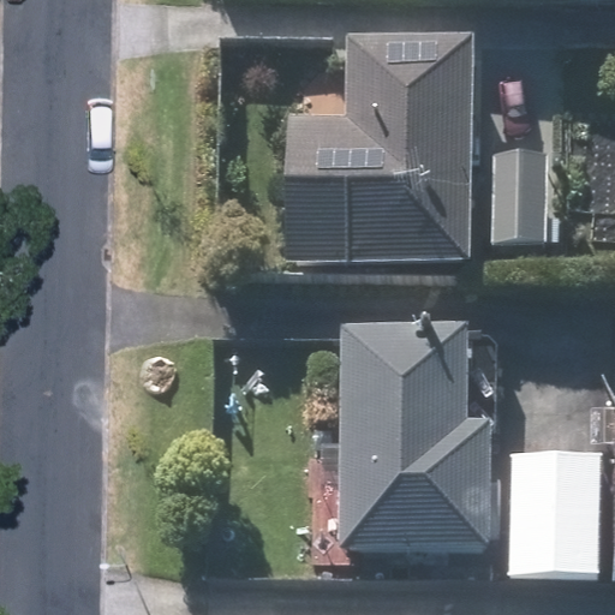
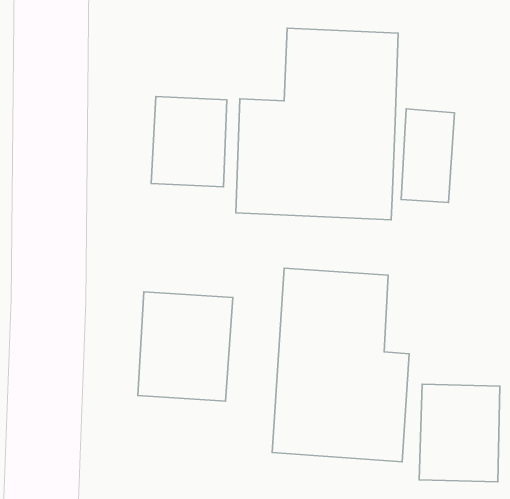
building: none -> [151,97,227,187]
building: none -> [138,292,233,401]

